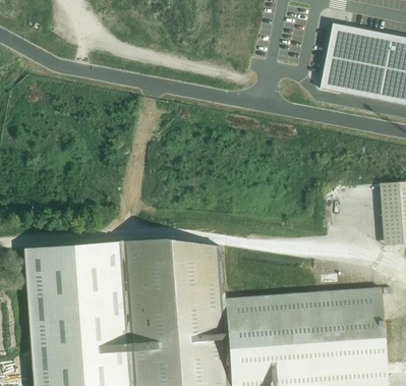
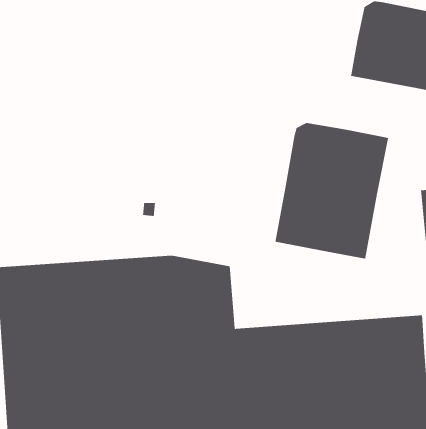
building: none -> [274,122,389,260]

